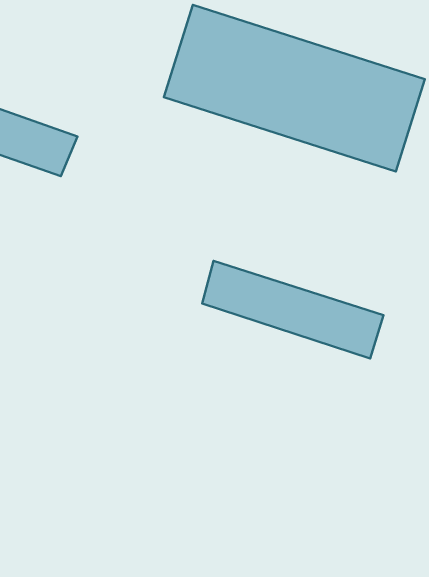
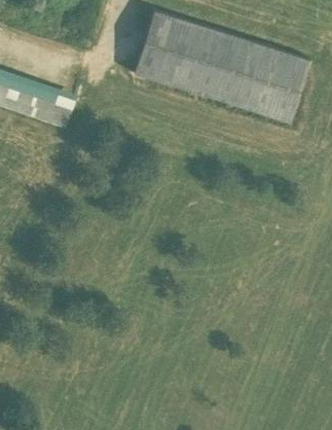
building: [202,261,384,358] -> none

